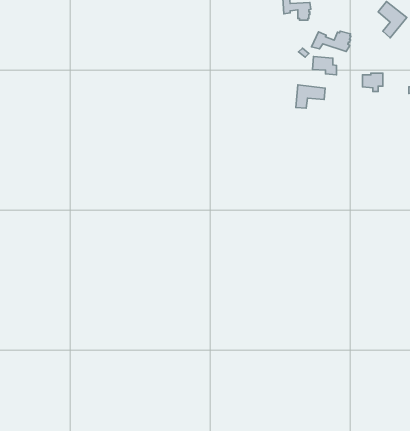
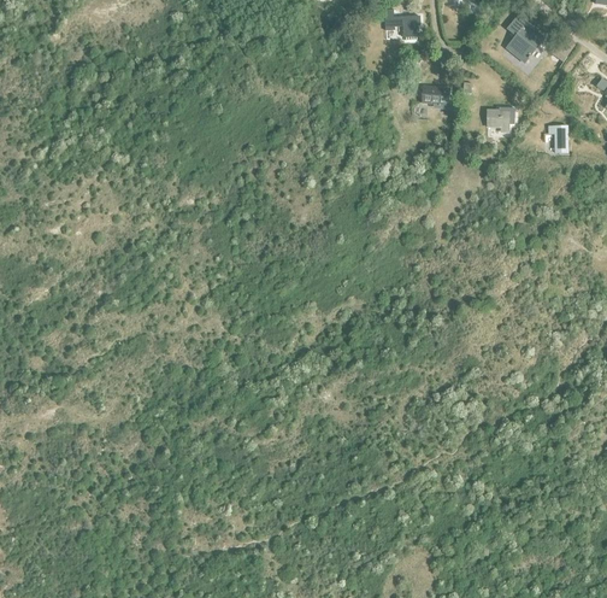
building: [312,31,351,51] -> none
building: [296,85,325,108] -> none

